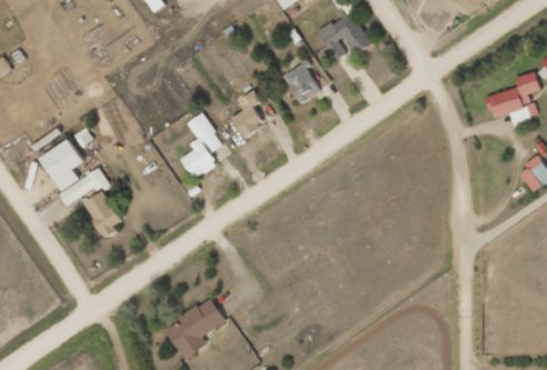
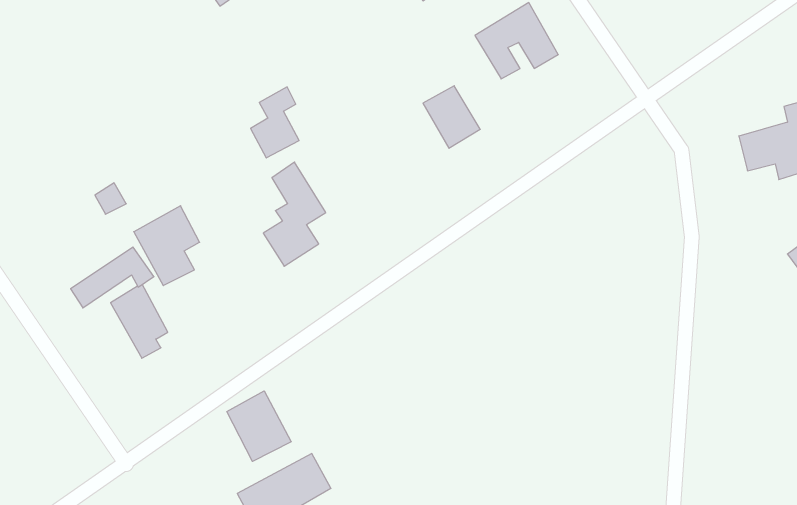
building: [231,90,262,136] -> [251,87,299,158]
building: [39,139,81,190] -> [134,206,200,286]
building: none -> [227,391,291,461]

